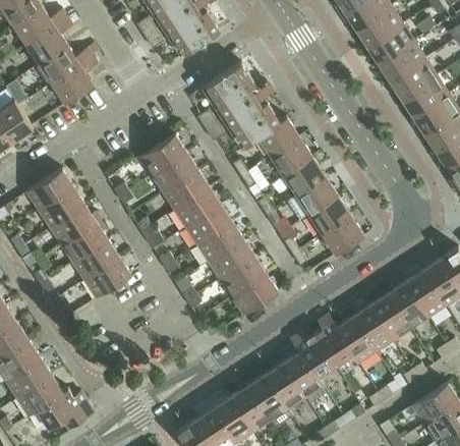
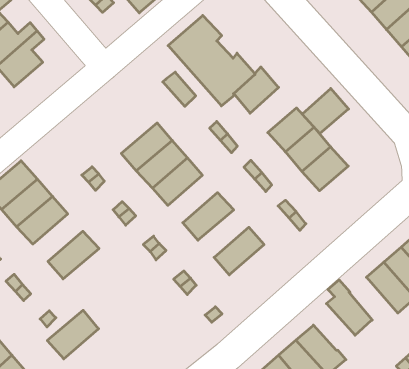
building: [138,135,186,176] -> none
building: [270,137,311,176] -> [302,88,349,134]
building: [185,206,231,245] -> none
building: [322,216,363,255] -> none
building: [61,223,107,263] -> none
building: [208,240,254,280] -> none
building: [83,258,130,298] -> [47,310,99,359]
building: [231,275,278,316] -> none
building: [335,317,376,365] -> none
building: [290,333,335,378] -> none

